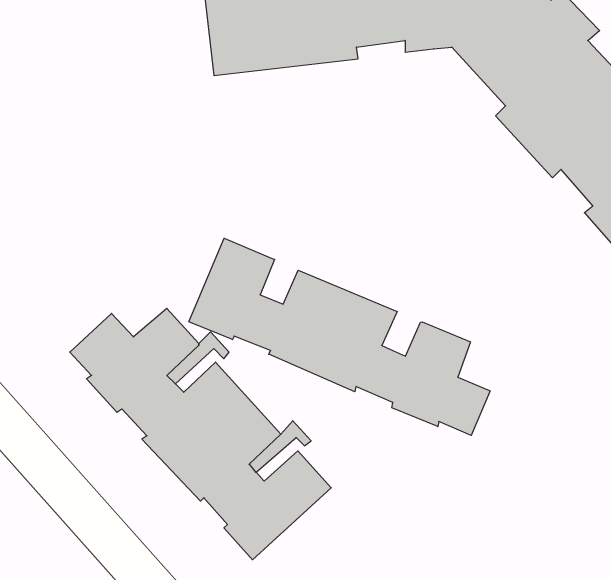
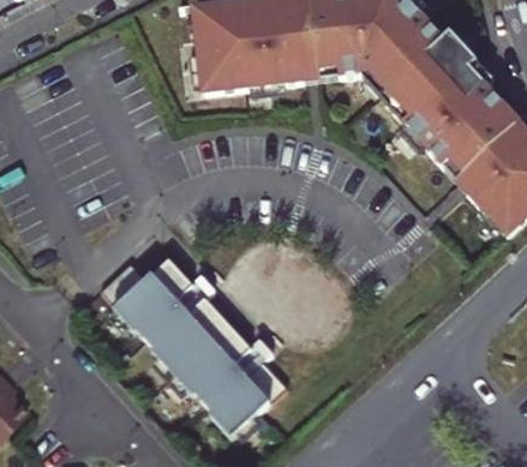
building: [189,238,490,435] -> none

